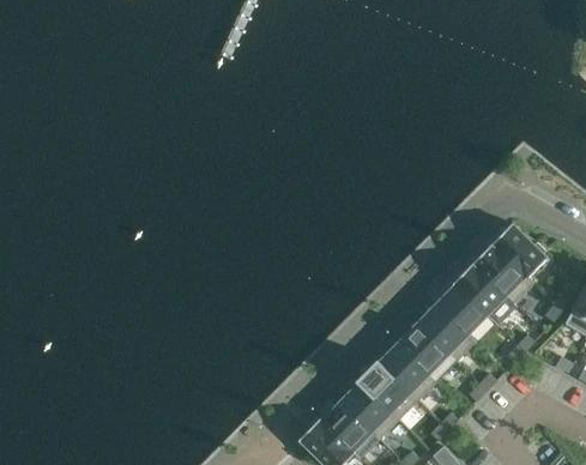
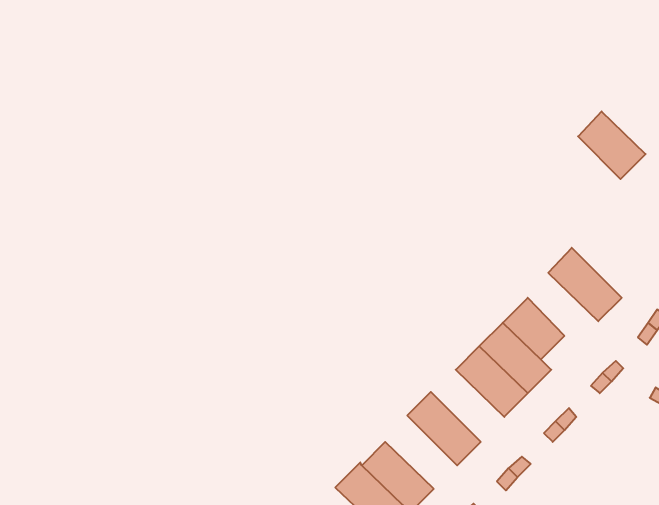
building: [493,221,548,276] -> [578,111,646,179]
building: [454,261,516,324] -> none
building: [379,340,437,399] -> none
building: [340,380,399,437] -> none

